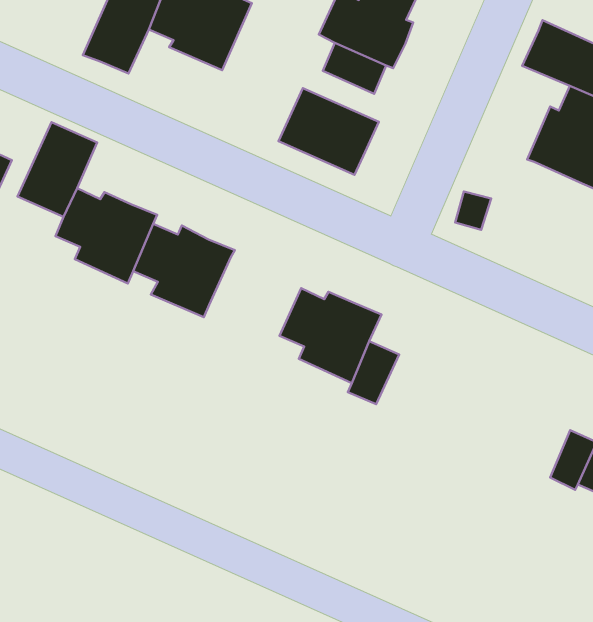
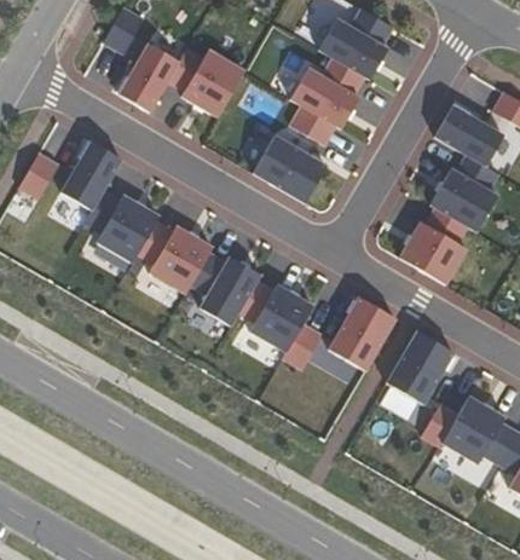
building: none -> [399,207,468,284]
building: none -> [190,252,260,325]
building: none -> [329,296,395,370]
building: none -> [387,330,453,404]

